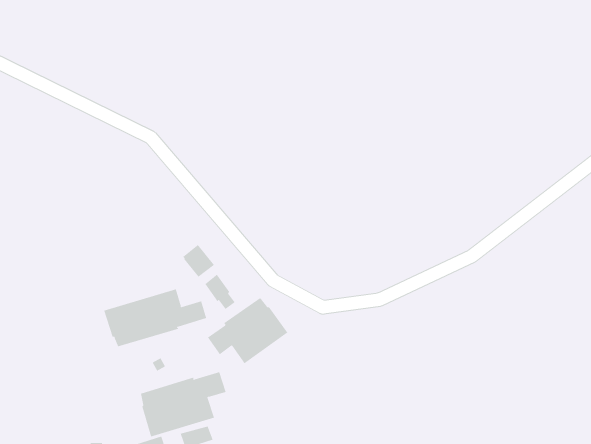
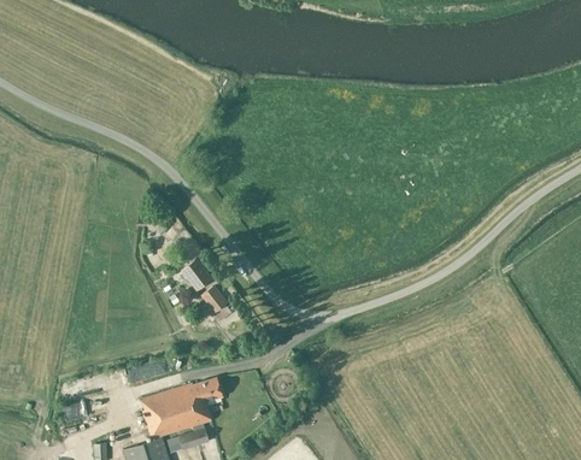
building: [104,288,207,347] -> none
building: [207,297,288,364] -> none

